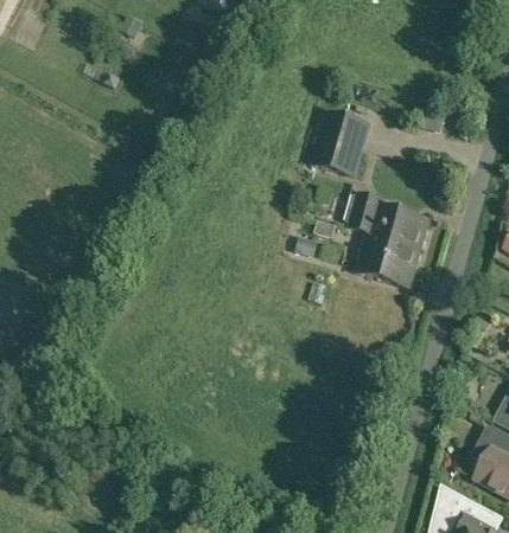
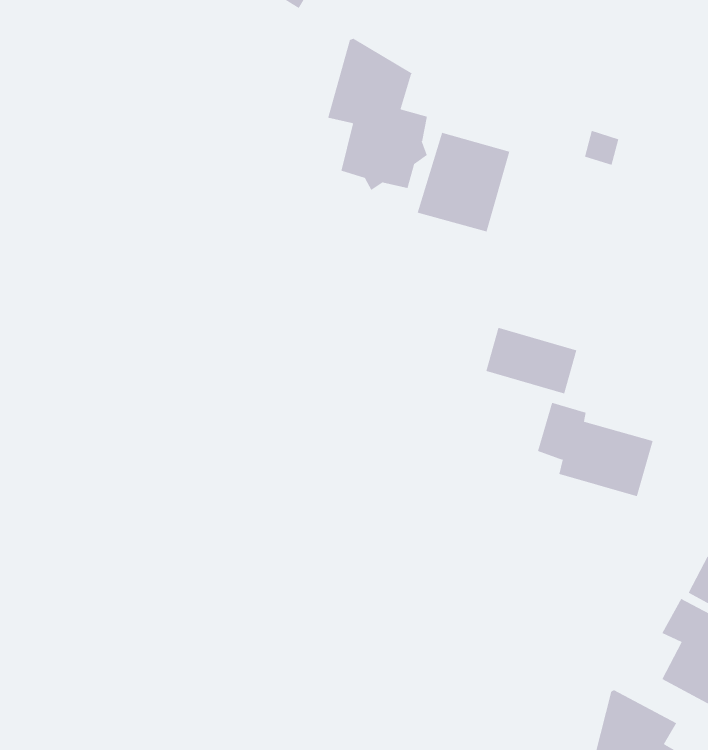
building: none -> [327,38,428,191]
building: [350,191,428,255] -> [537,402,653,497]

